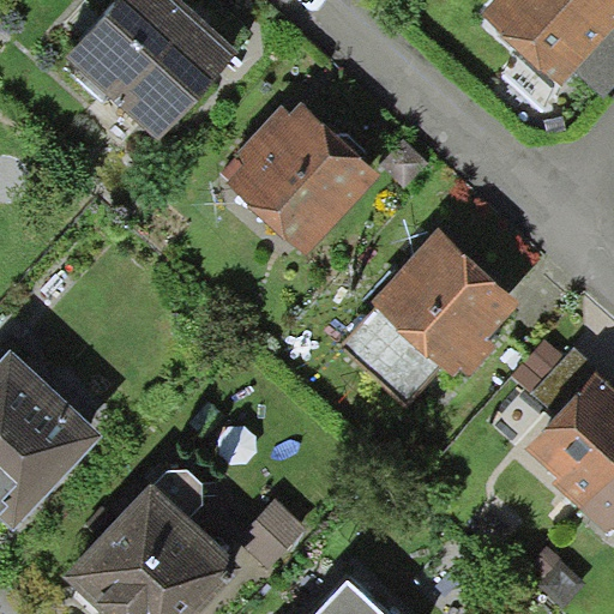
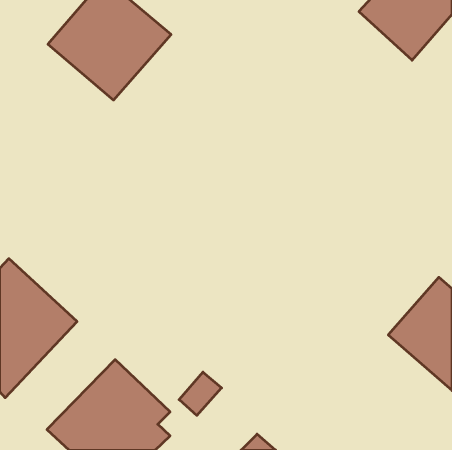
building: [215,97,381,261] -> none
building: [366,227,523,383] -> none

